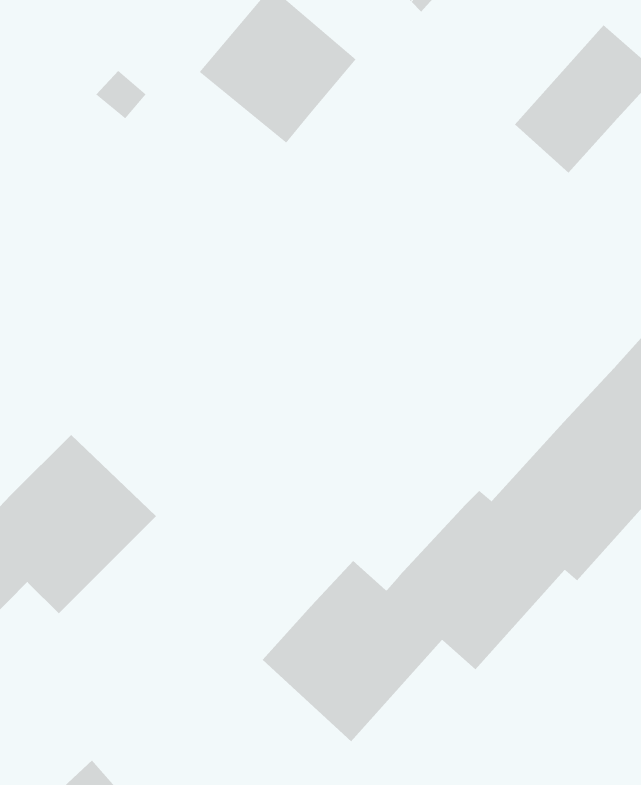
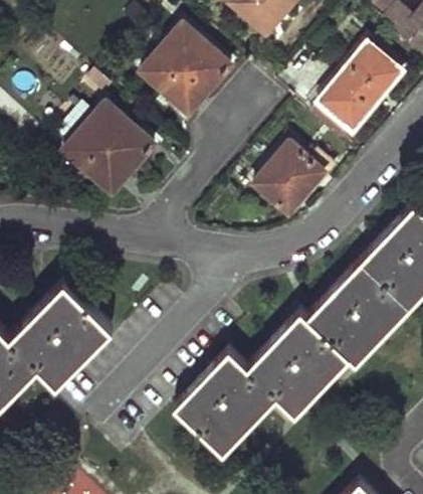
building: none -> [63,101,155,191]
building: none -> [255,144,323,214]

